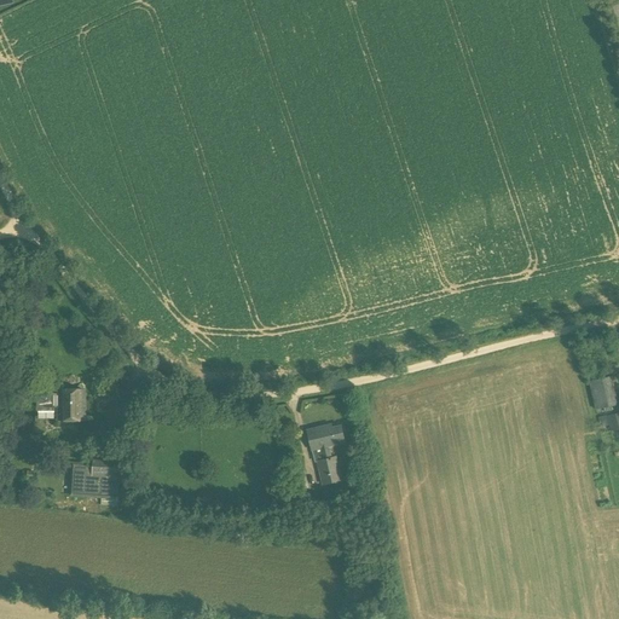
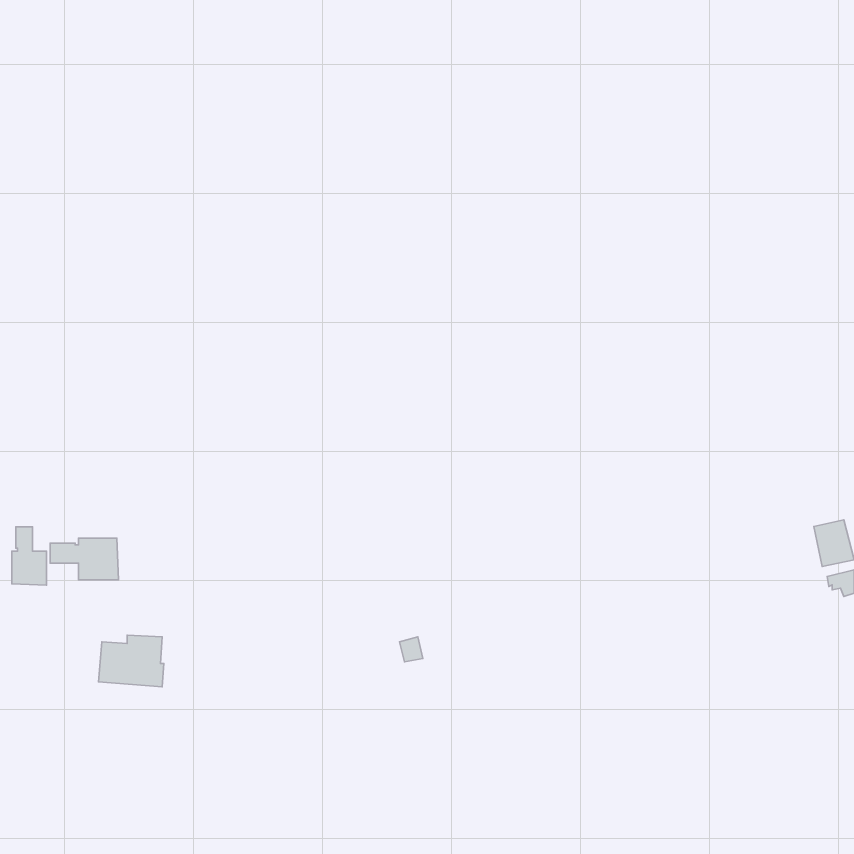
building: none -> [12,527,46,585]
building: [307,424,343,484] -> none

